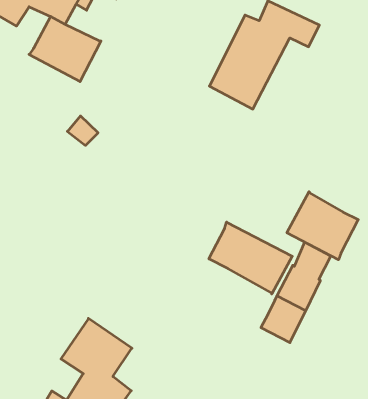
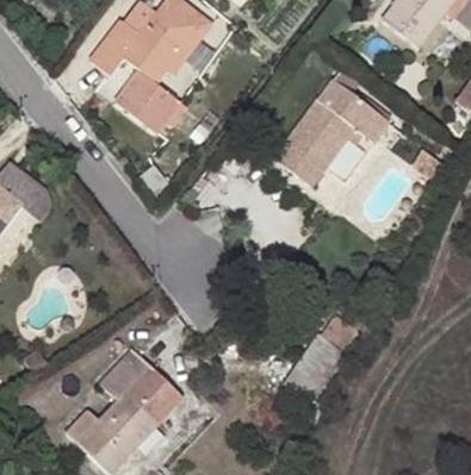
building: [287,192,358,260] -> none
building: [209,222,292,294] -> none

